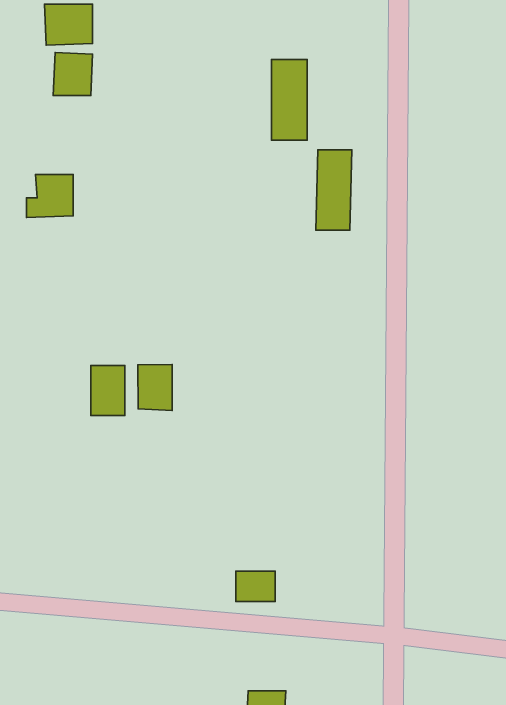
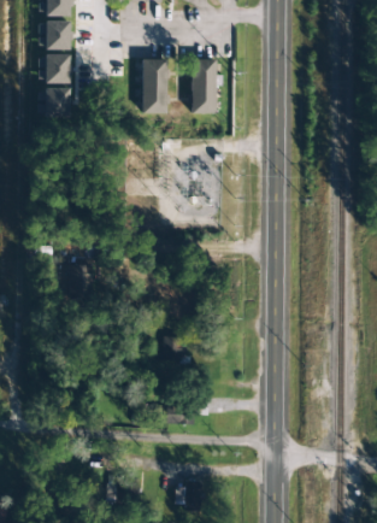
building: [316,150,352,230] -> [142,58,166,112]
building: [27,175,73,218] -> [39,87,70,116]
building: [138,365,172,411] -> none

